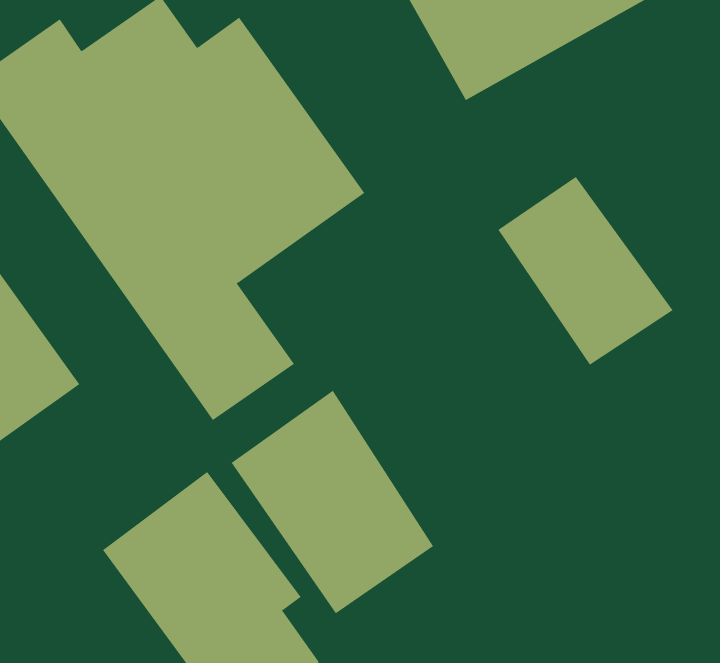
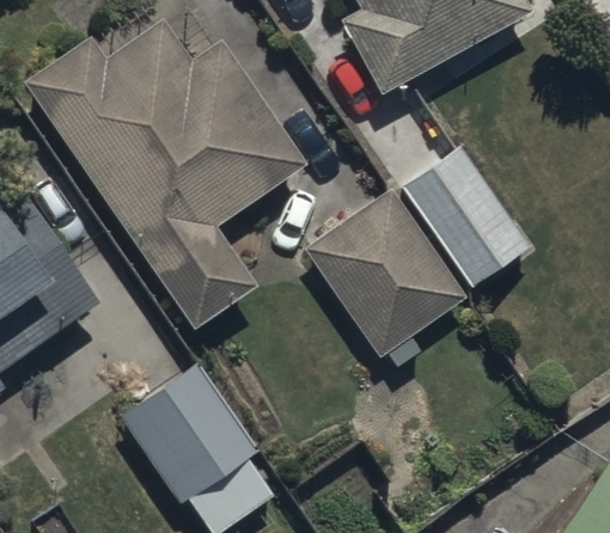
building: none -> [304,190,465,372]
building: [231,390,434,614] -> none

